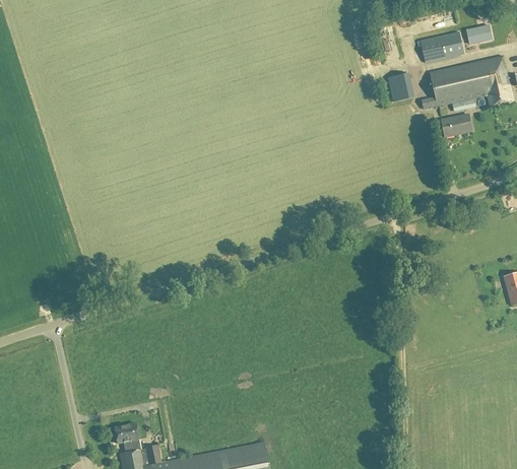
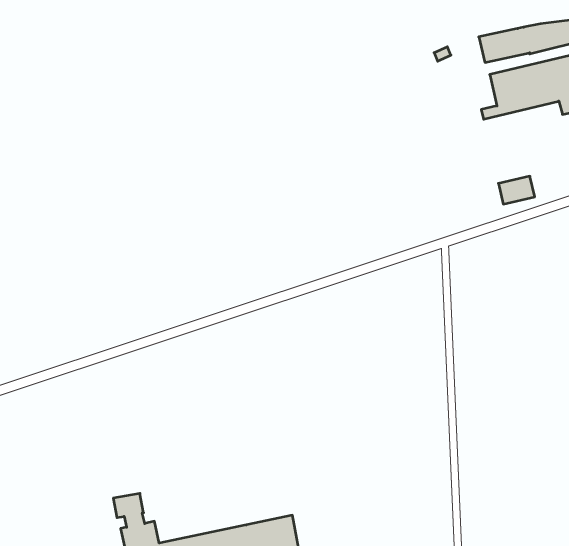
building: [384,72,412,102] -> none
building: [441,113,471,136] -> [498,176,535,204]

